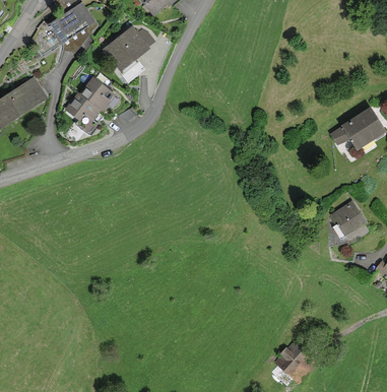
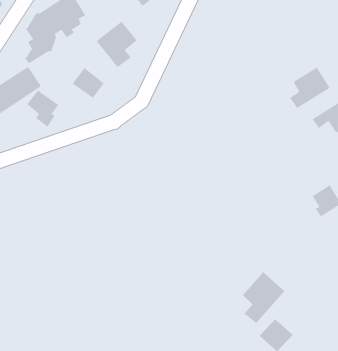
building: none -> [289,67,331,109]
building: [66,92,101,133] -> [27,89,59,127]
building: none -> [242,272,285,324]

